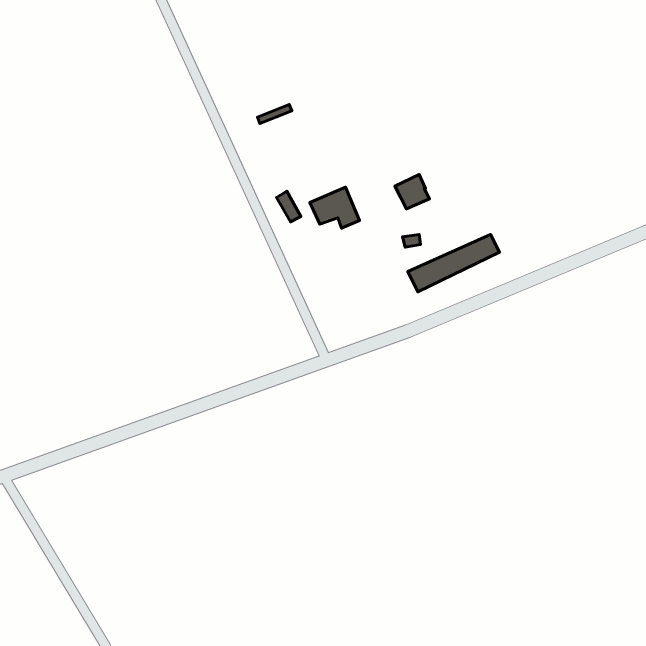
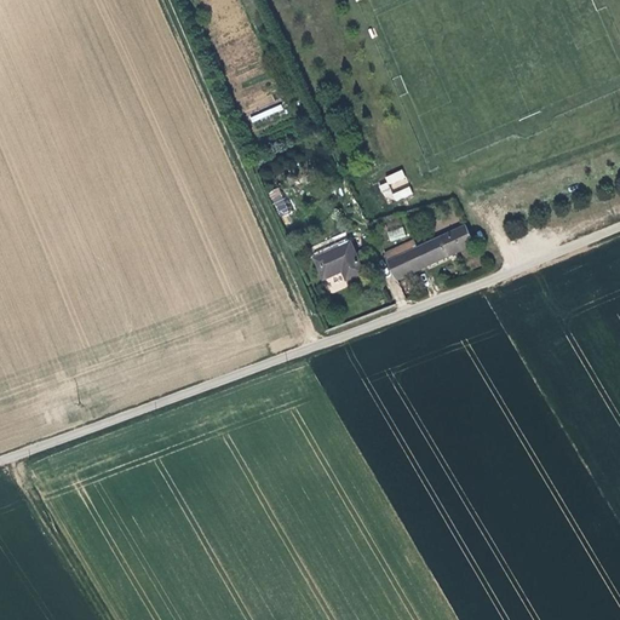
building: [310,187,359,228] -> [314,241,361,280]

